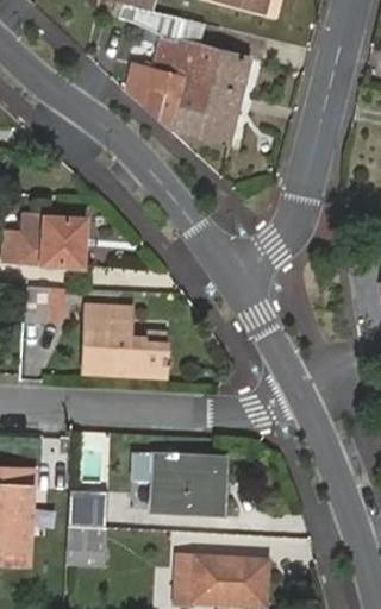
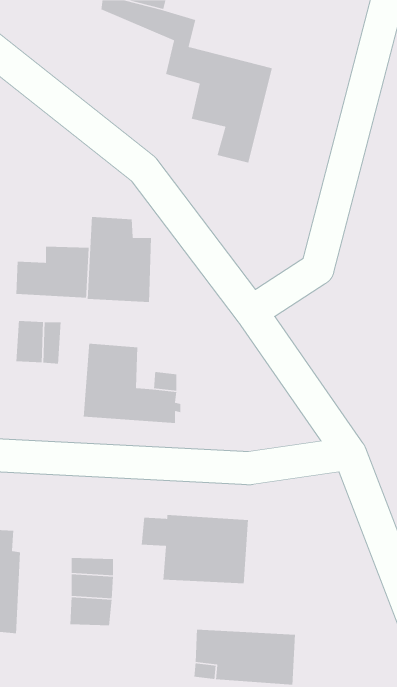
building: [126,61,206,138] -> none
building: none -> [87,216,152,303]

